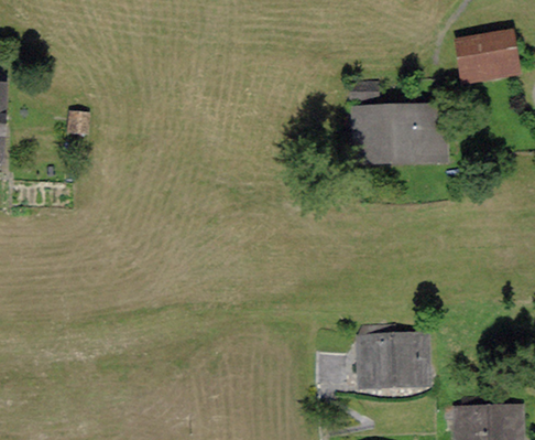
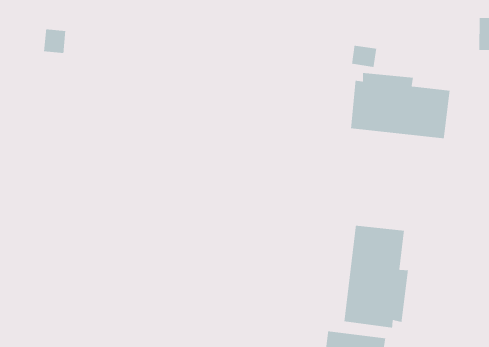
building: none -> [343,225,409,328]

